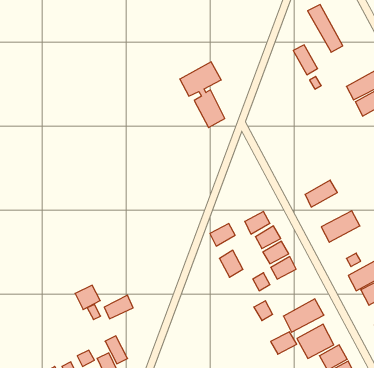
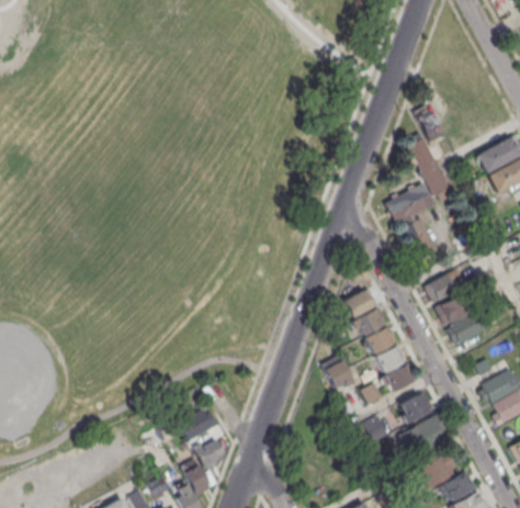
building: [308,5,343,52] -> [407,137,450,195]
building: [180,62,225,128] -> [384,182,439,262]
building: none -> [434,291,474,325]
building: [210,224,235,246] -> [341,291,372,318]
building: [75,285,100,310] -> [194,439,225,469]
building: [271,332,297,354] -> [398,393,430,420]

